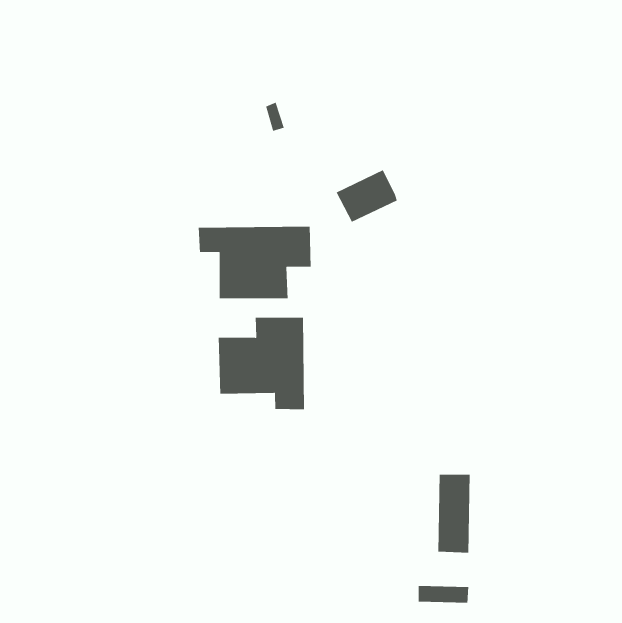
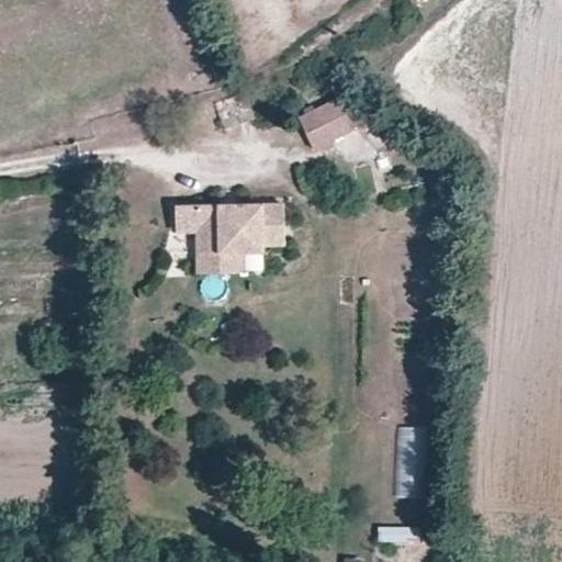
building: [336,169,398,223] -> [300,102,356,150]
building: [218,317,305,410] -> none

